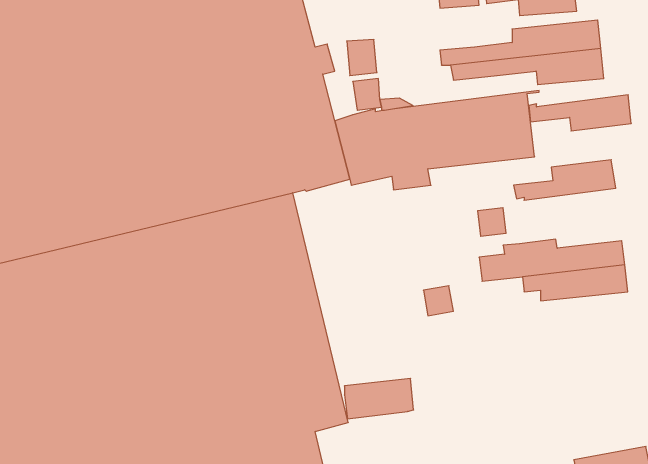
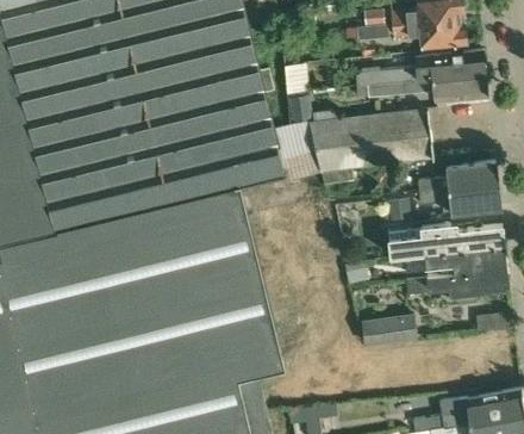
building: [529,95,631,131] -> [417,184,498,212]
building: none -> [404,266,507,300]
building: [344,378,414,419] -> [361,314,416,346]

